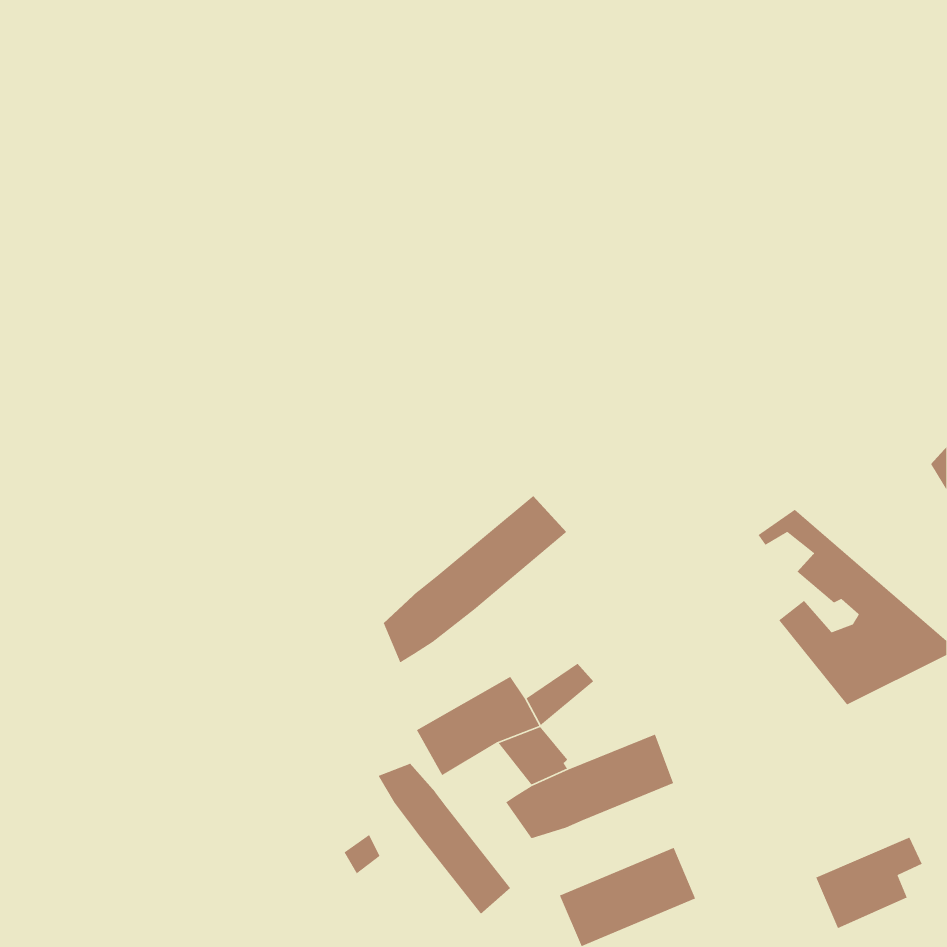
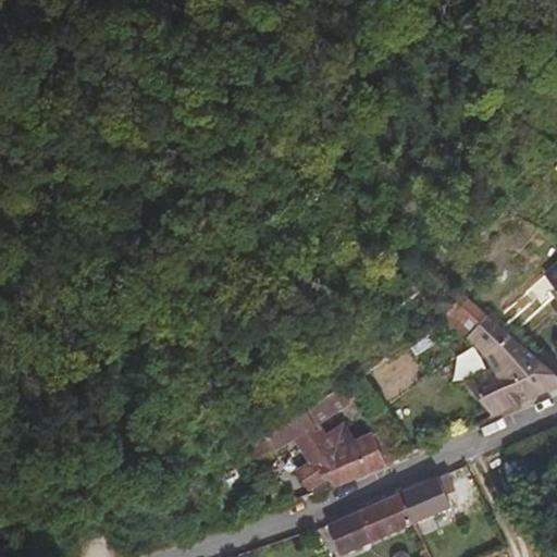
building: [383,495,567,663] -> none
building: [378,763,511,915] -> none
building: [815,836,923,929] -> [395,472,458,527]

